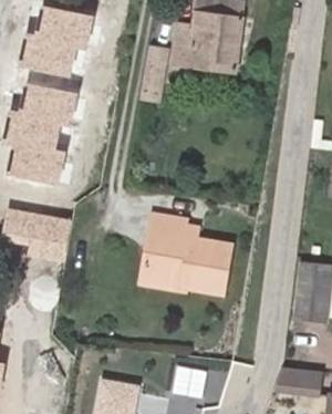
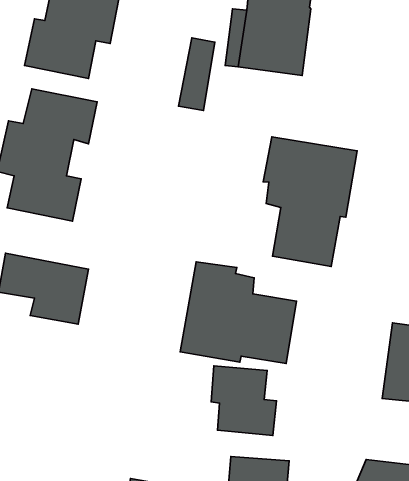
building: none -> [263,137,357,267]
building: none -> [211,366,276,435]

